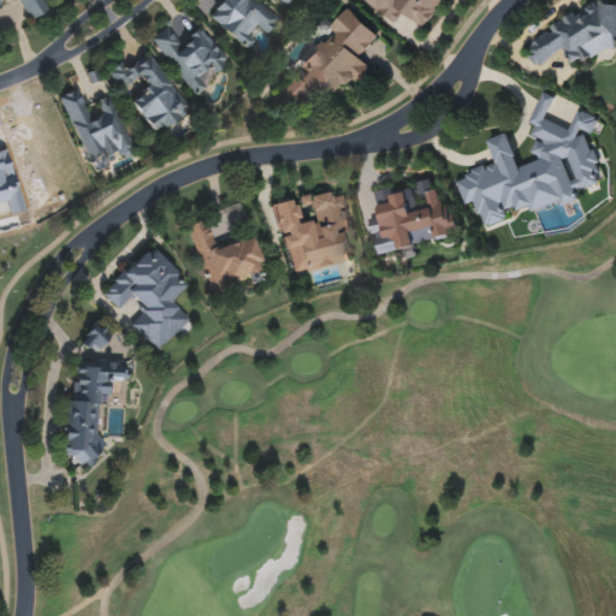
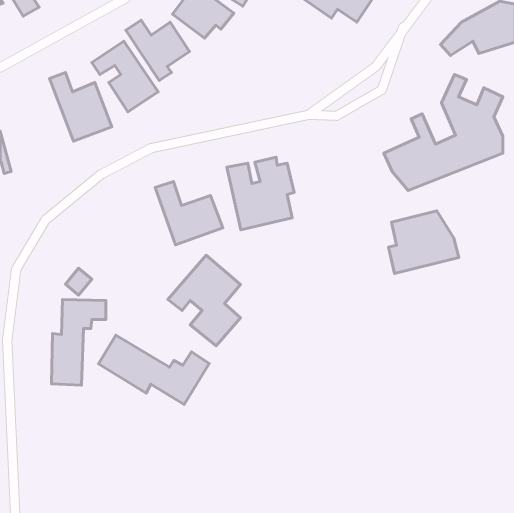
building: [278,7,383,108] -> none
building: [375,179,460,254] -> [388,211,459,273]
building: [102,242,189,350] -> [168,255,241,346]
building: none -> [99,335,209,404]

